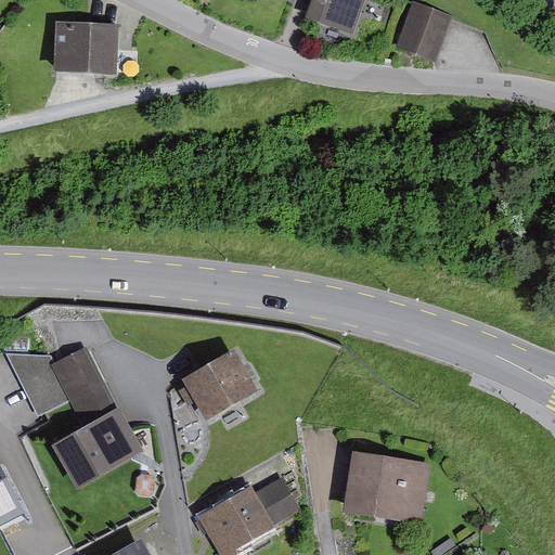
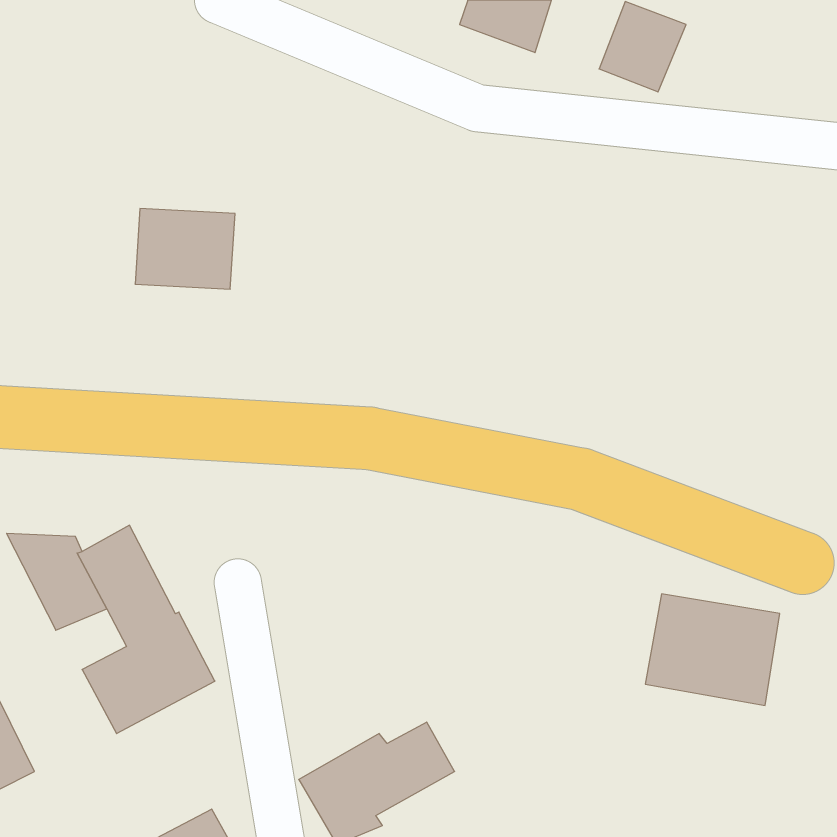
building: [52,21,118,74] -> [135,209,235,289]
building: [178,347,257,420] -> none
building: [341,450,430,524] -> [645,594,780,705]

